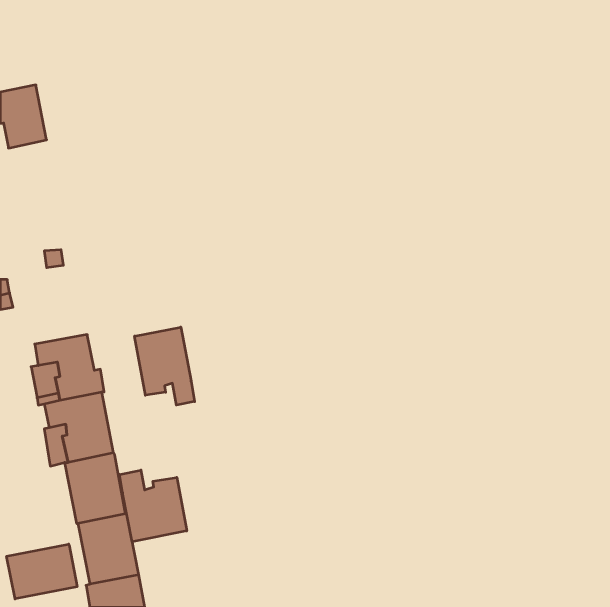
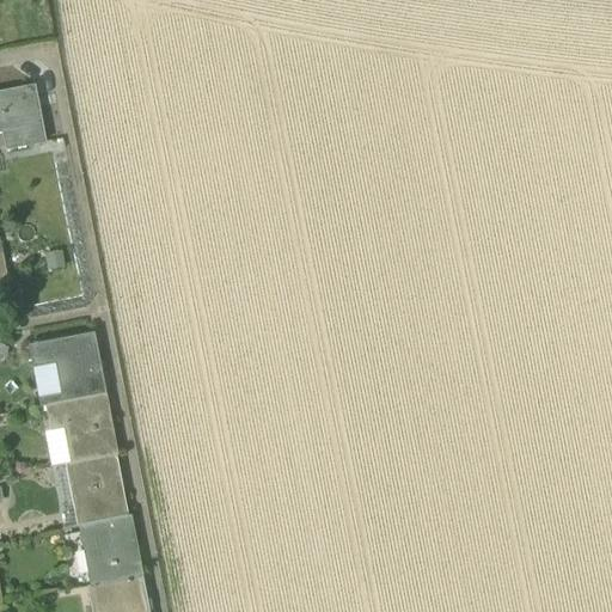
building: [135,327,195,405] -> none
building: [119,470,187,542] -> none
building: [7,544,77,599] -> none

